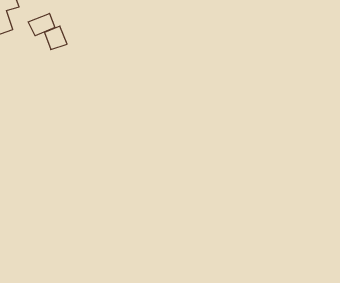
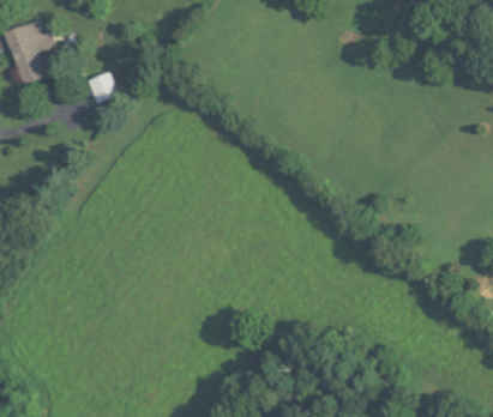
building: [28,13,55,36] -> none

